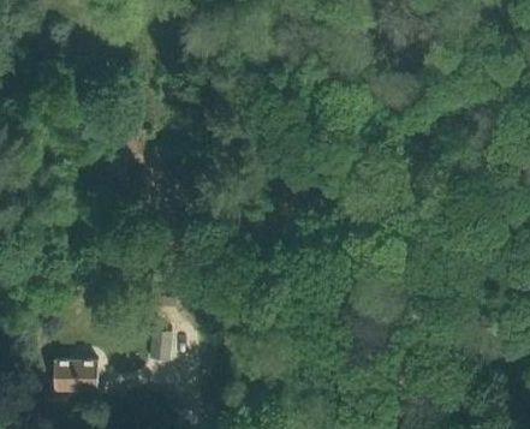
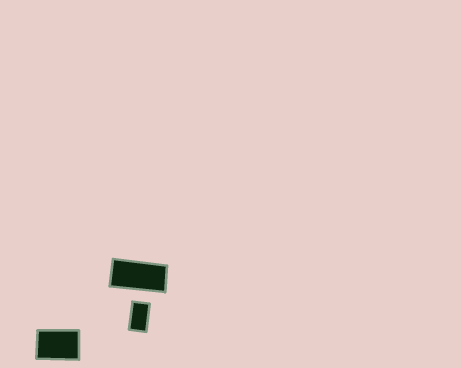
building: none -> [110,259,167,292]

